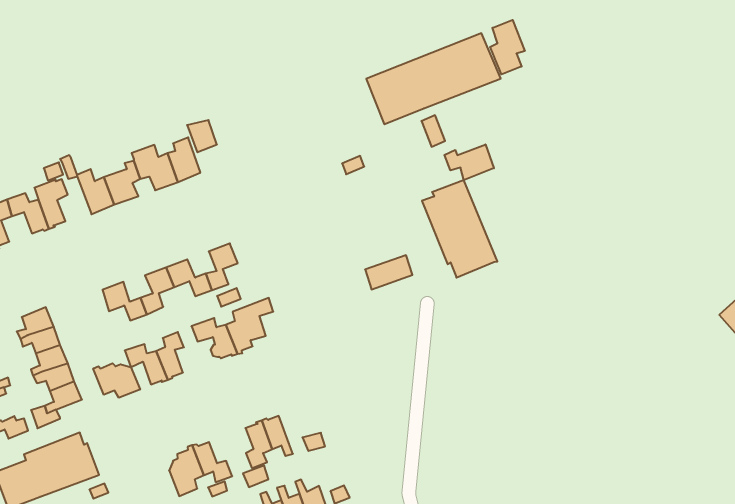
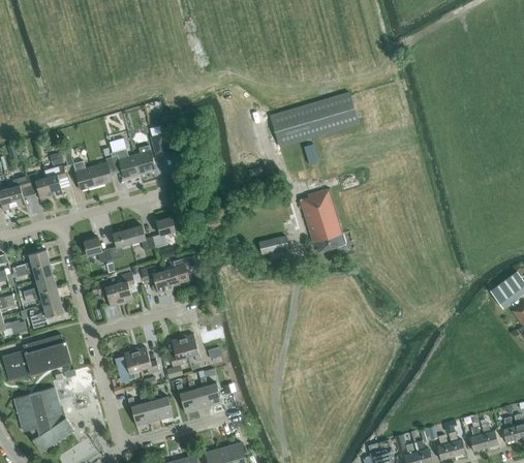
building: [490,20,525,74] -> none
building: [444,144,494,180] -> none
building: [93,363,140,398] -> none

